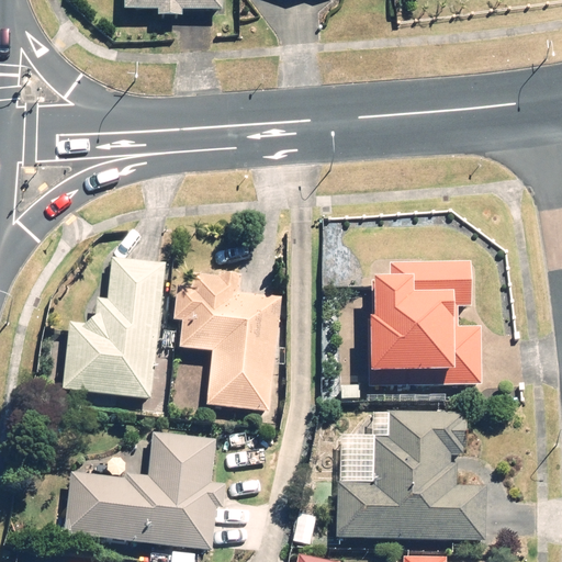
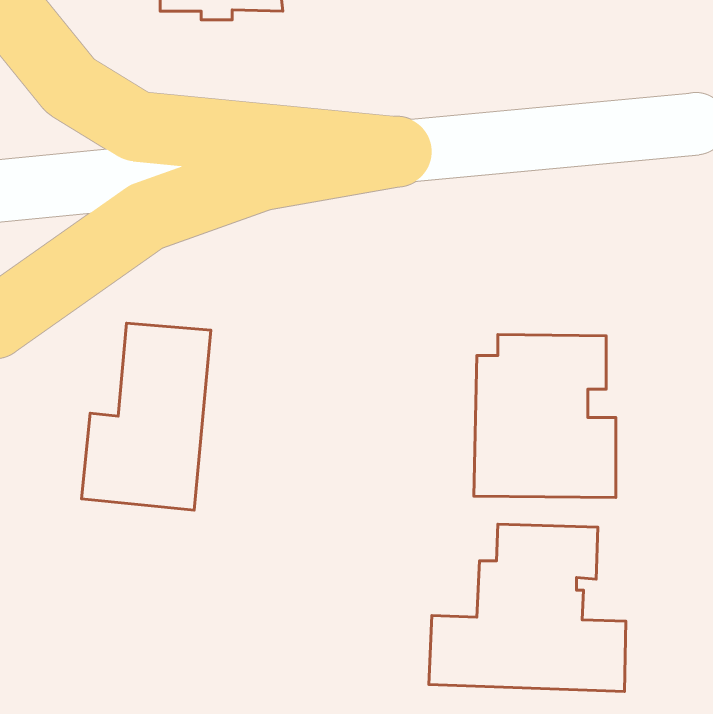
building: [173,271,279,411] -> none
building: [64,432,225,550] -> none

